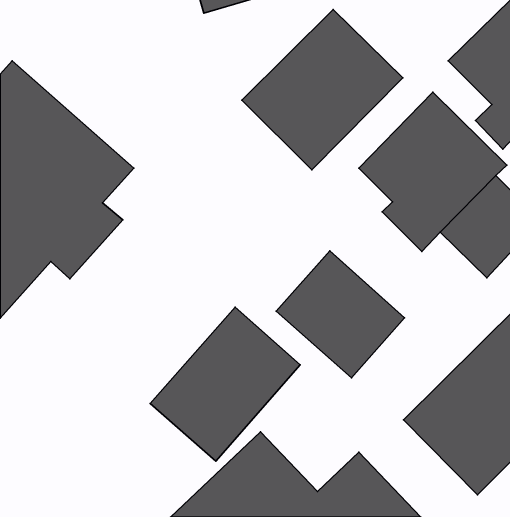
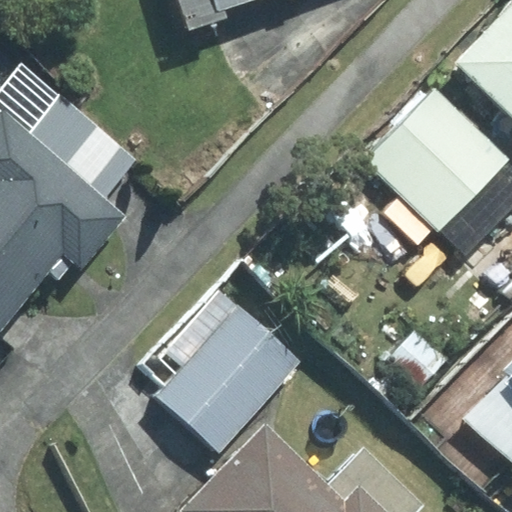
building: [242,9,403,170] -> none
building: [276,251,404,378] -> none

